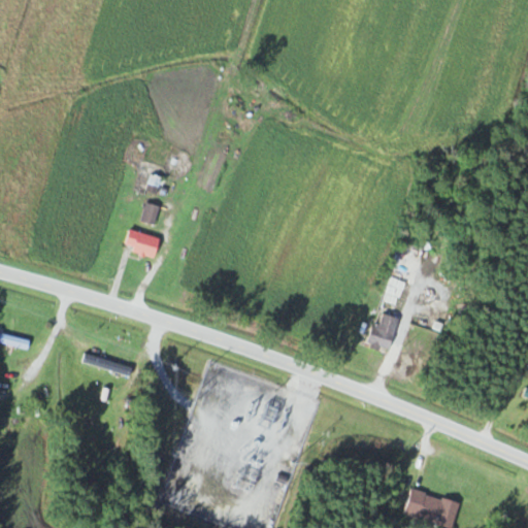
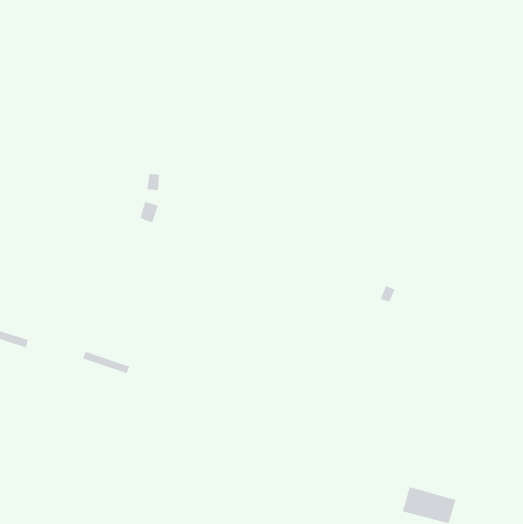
building: [125,229,159,257] -> none
building: [368,312,399,352] -> none

